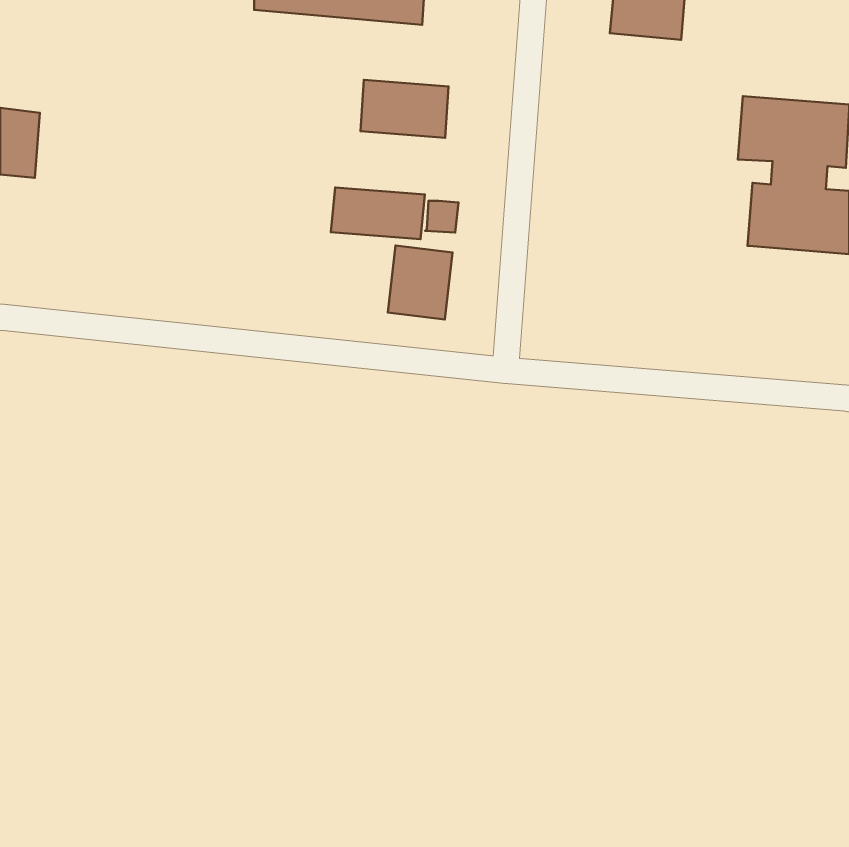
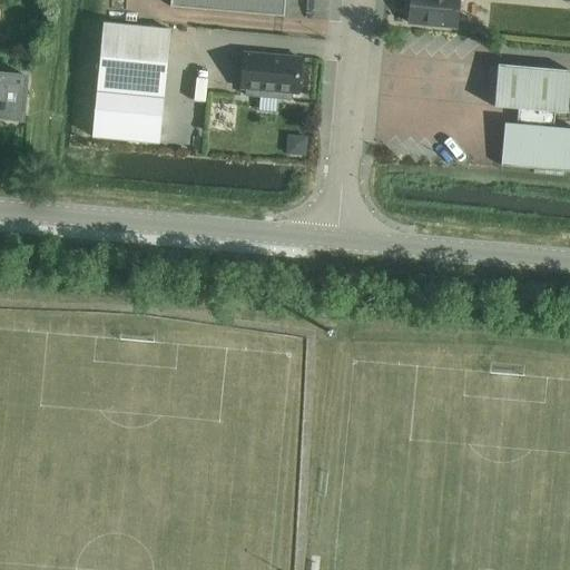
building: none -> [94,23,170,136]
building: [331,188,425,239] -> none
building: [388,246,452,319] -> none

